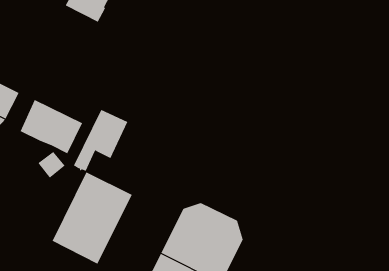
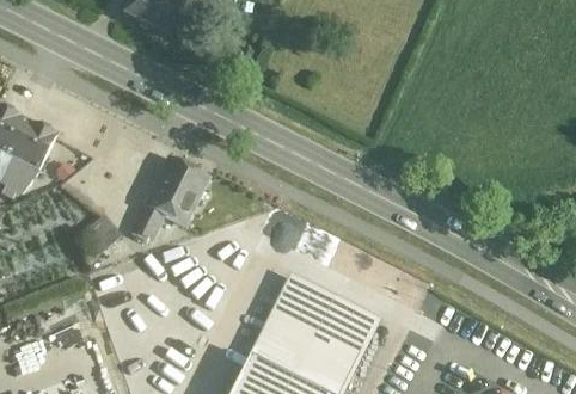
building: [20,99,83,154] -> none
building: [52,172,133,265] -> none

